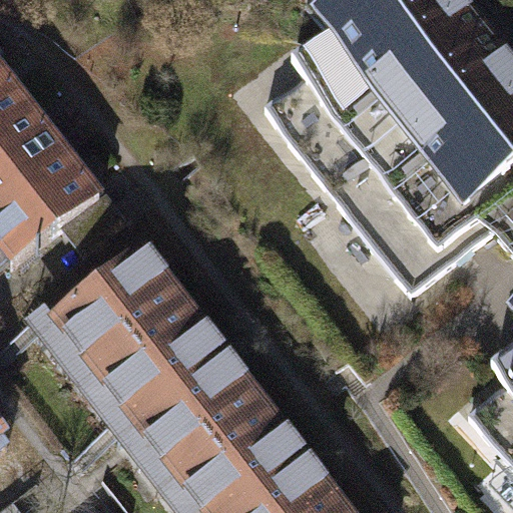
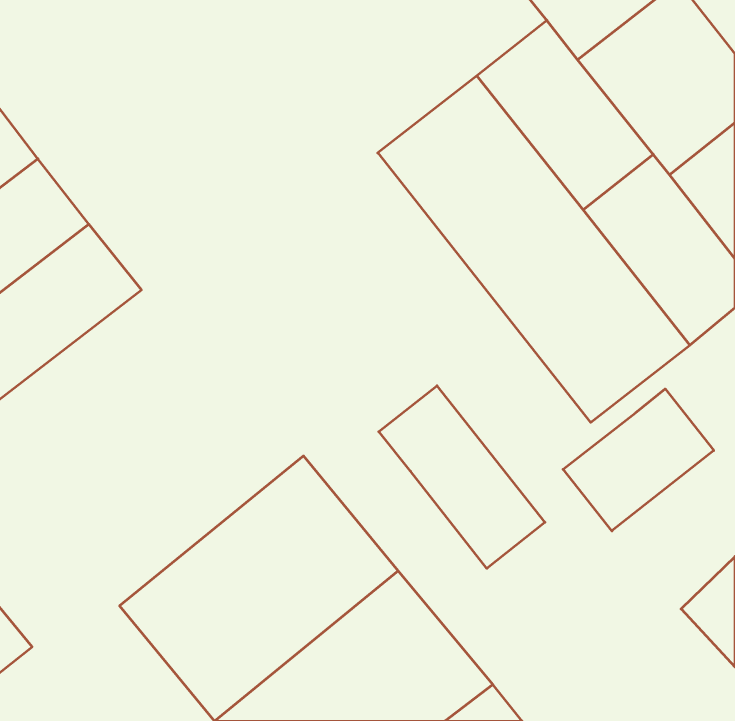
building: [17,235,208,417] -> none
building: none -> [379,386,545,568]
building: none -> [563,389,714,531]

